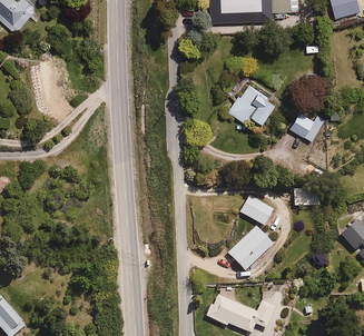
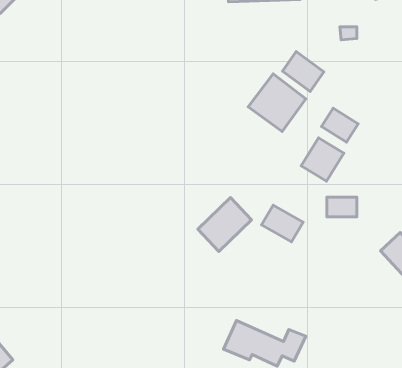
building: none -> [283,51,324,92]
building: none -> [301,138,344,181]
building: [228,226,274,271] -> [198,198,252,251]

